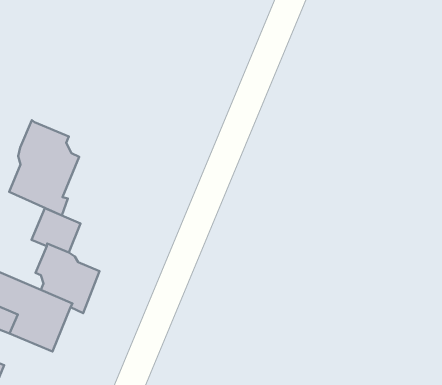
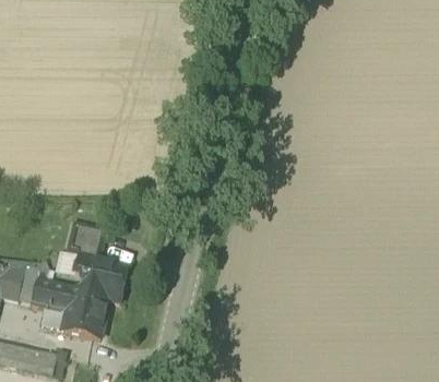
building: [9,120,79,215] -> none

